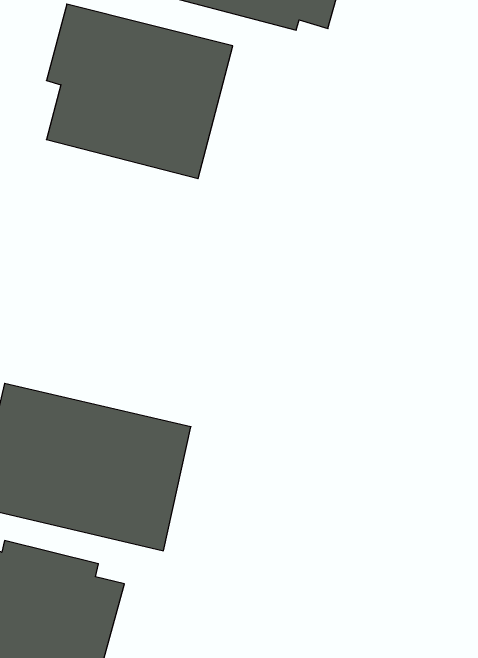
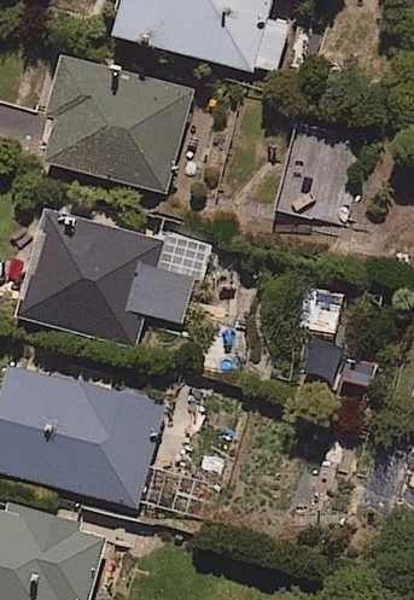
building: none -> [16,205,193,345]

